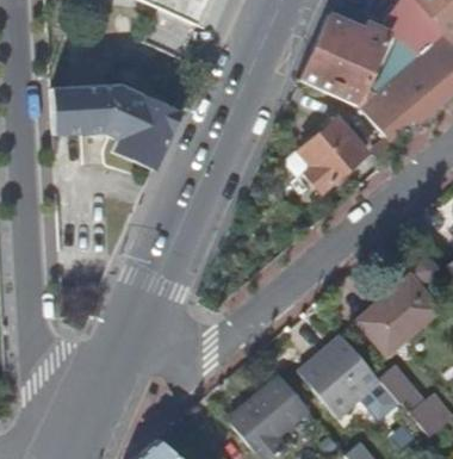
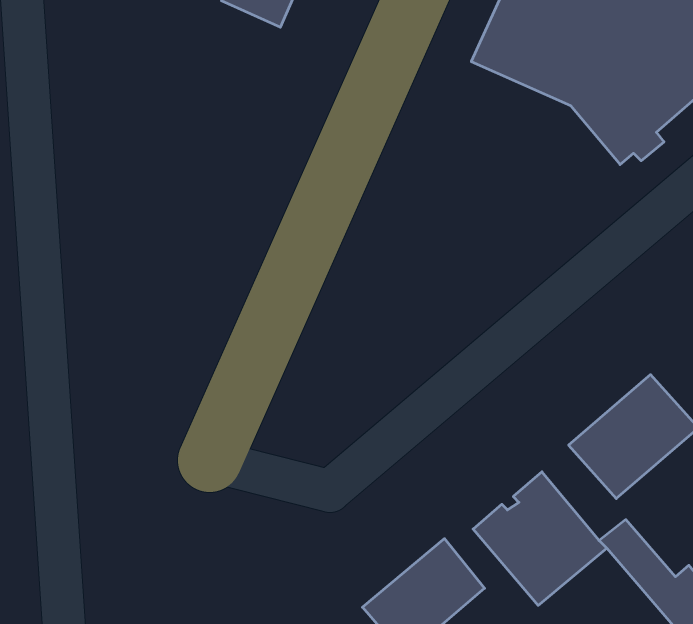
building: [51,83,179,169] -> none
building: [305,117,368,191] -> none

